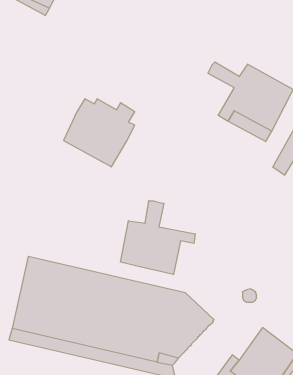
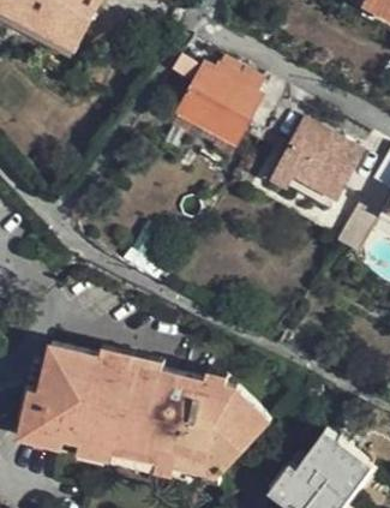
building: [64,99,135,167] -> [180,62,264,143]
building: [121,201,195,275] -> none

